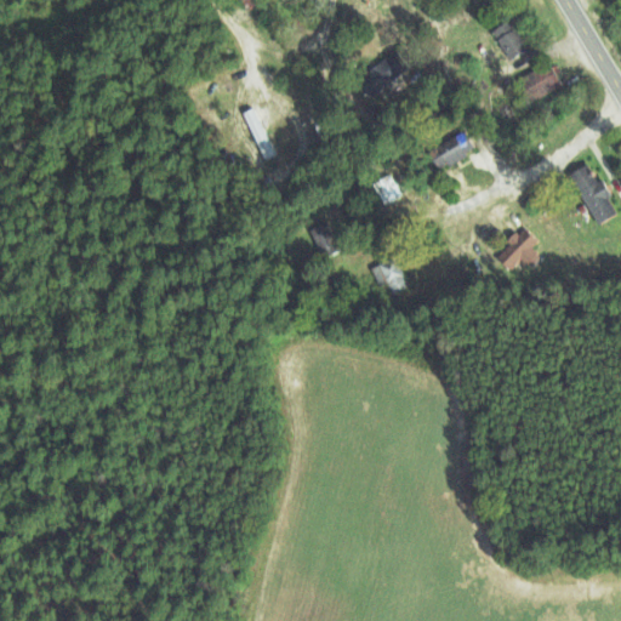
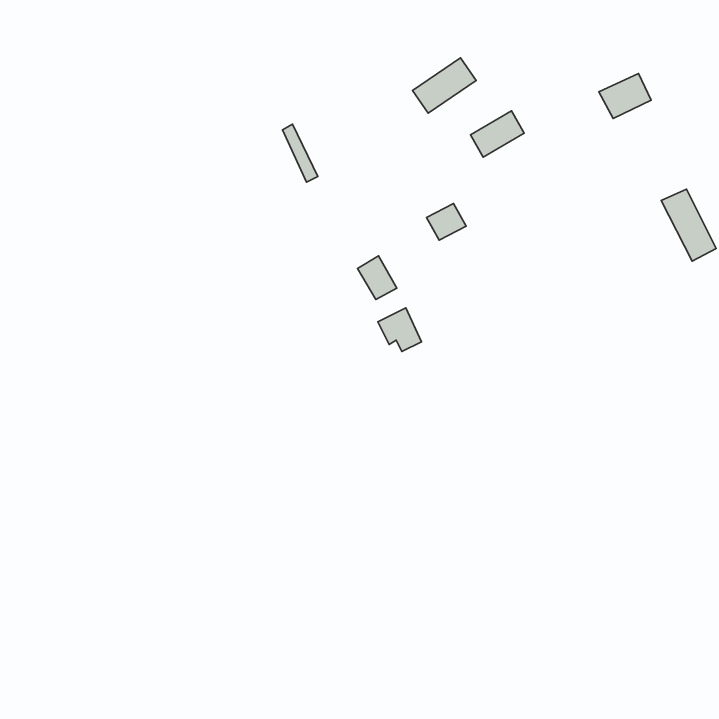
building: [492,22,529,61] -> none
building: [429,132,475,172] -> [470,111,524,157]
building: [496,228,541,273] -> none
building: [372,258,410,296] -> [378,308,421,352]

